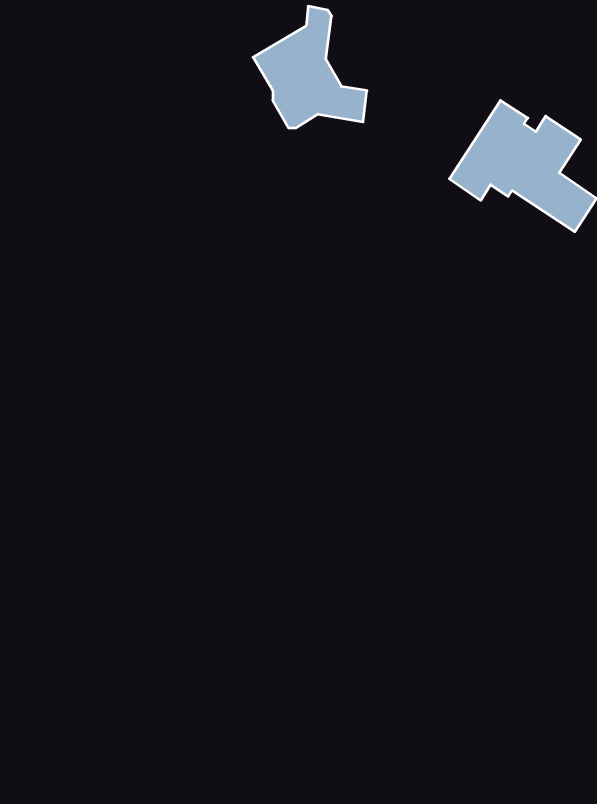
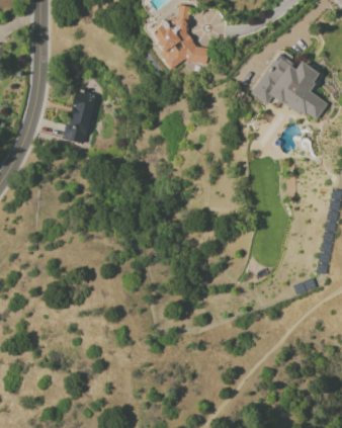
building: none -> [64,89,95,144]

